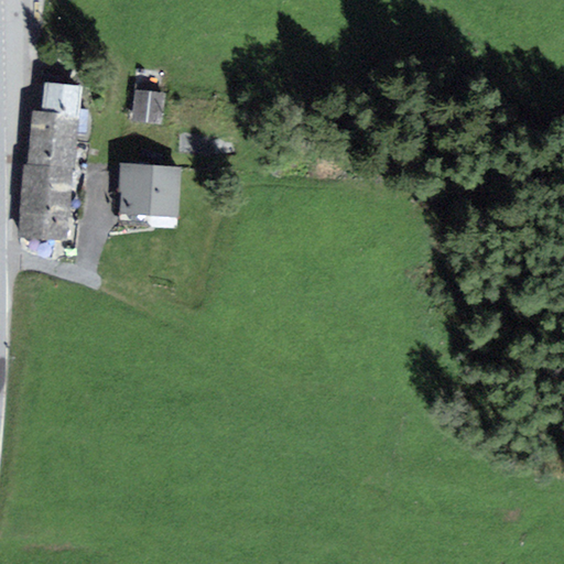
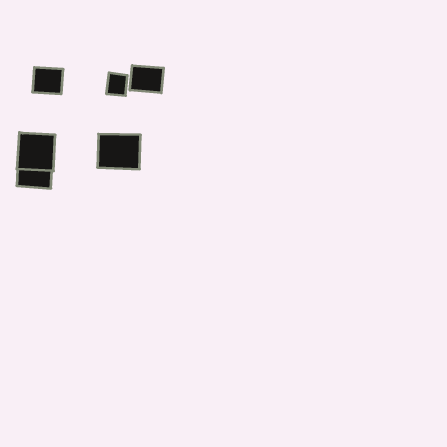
building: none -> [130,65,164,93]
building: [29,115,76,170] -> none

